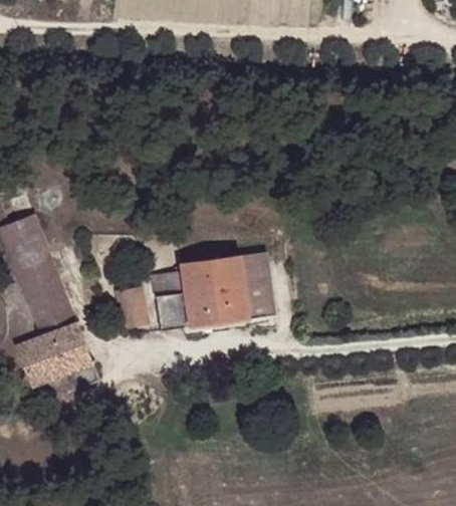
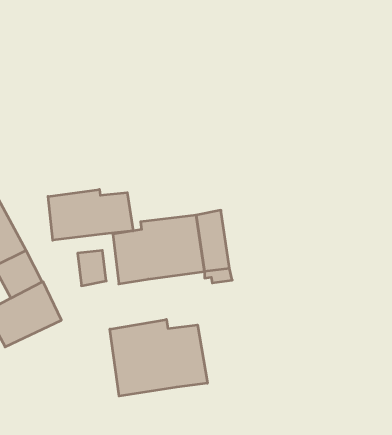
building: none -> [48,189,133,240]
building: none -> [110,319,207,396]

